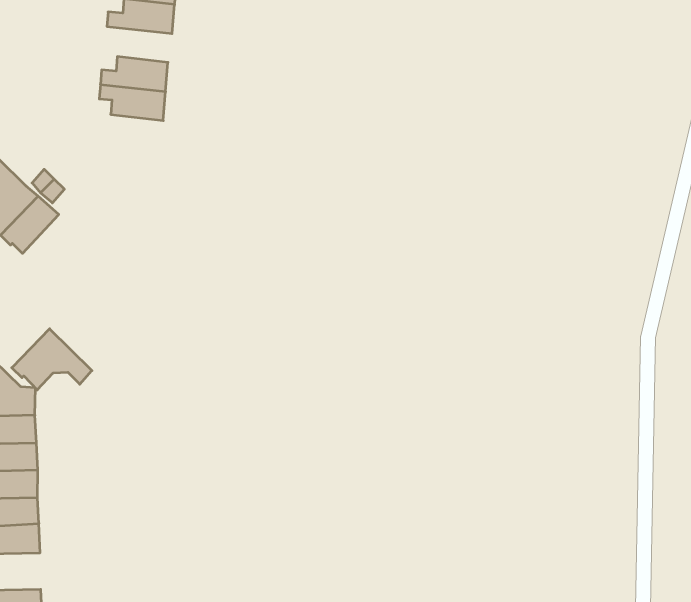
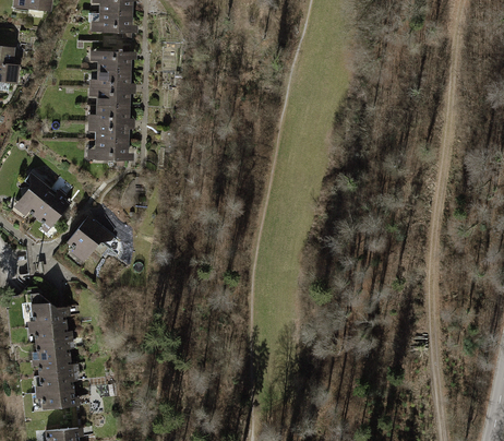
building: none -> [89,87,130,106]
building: none -> [88,140,129,166]
building: [12,329,92,390] -> [68,216,116,253]

